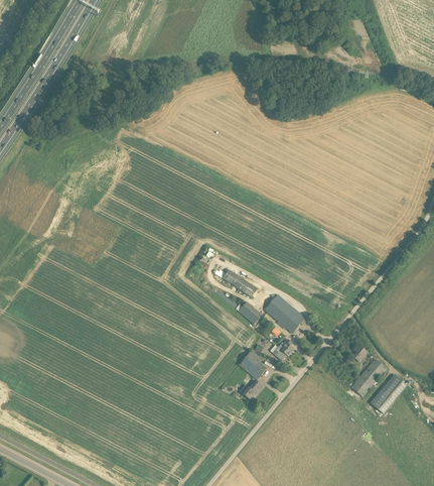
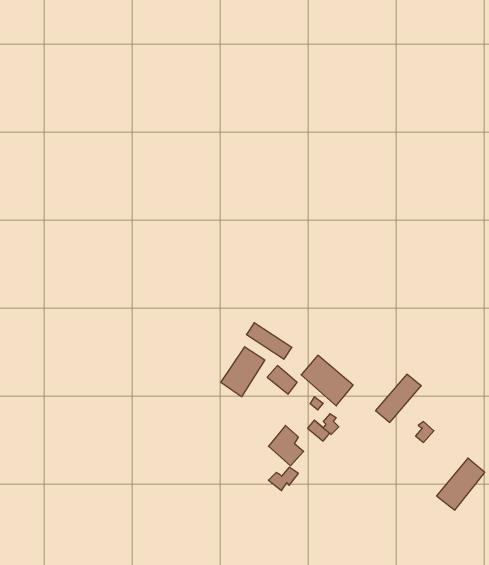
building: none -> [221,347,265,397]
building: [350,358,386,395] -> [376,374,421,422]

